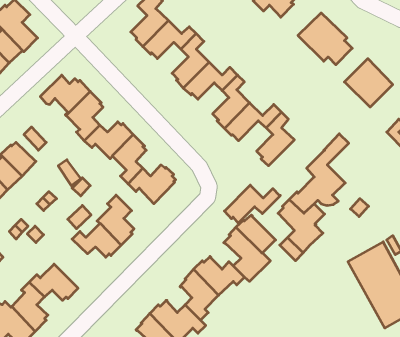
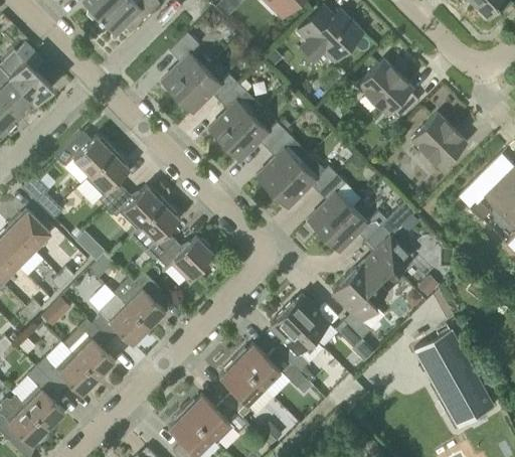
building: [224,185,280,223] -> [322,207,387,252]
building: none -> [71,323,115,380]

